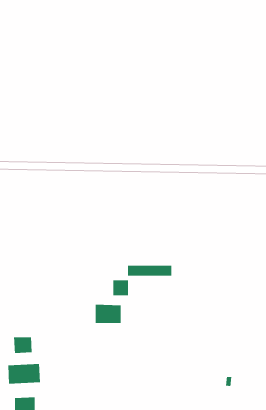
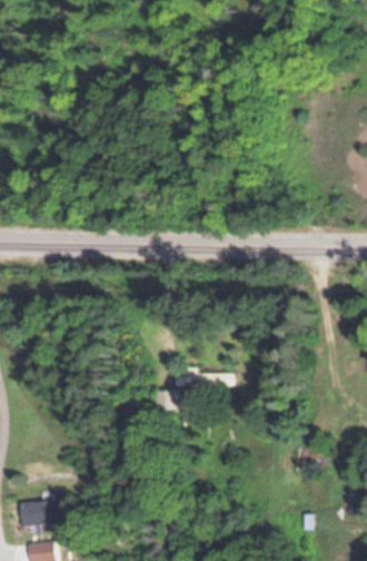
building: [95,304,121,324] -> none
building: [13,336,32,354] -> none

